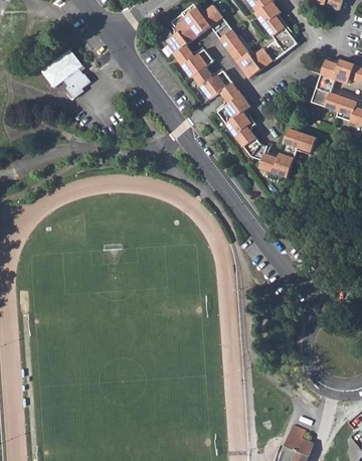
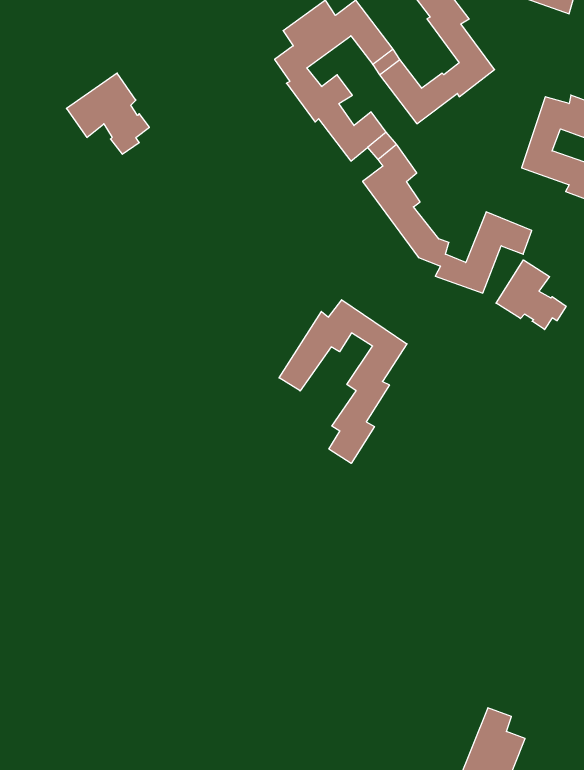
building: none -> [496,260,566,330]
building: none -> [279,300,407,463]

